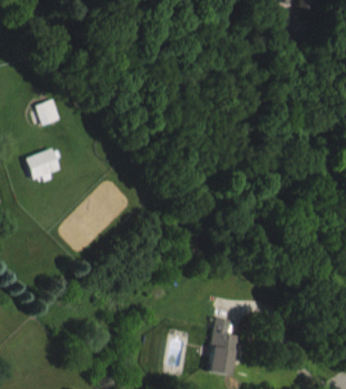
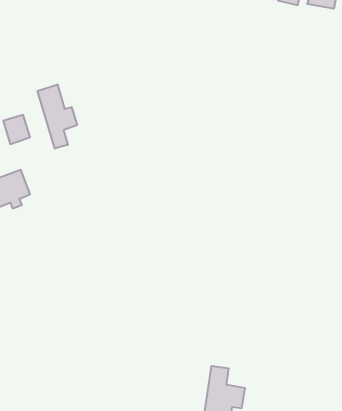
building: none -> [38,84,77,149]

